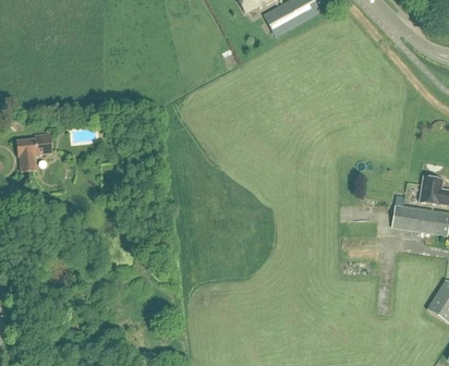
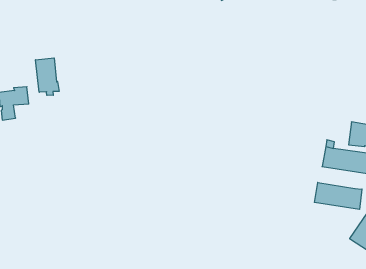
building: none -> [36,58,59,95]
building: none -> [314,182,362,209]

